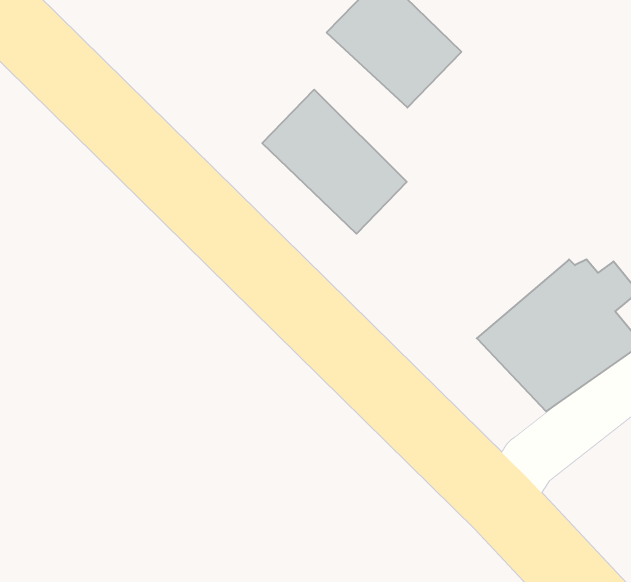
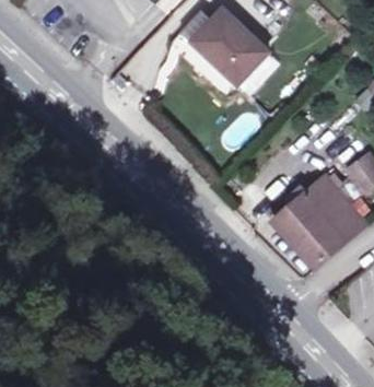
building: [262,90,407,234] -> none

